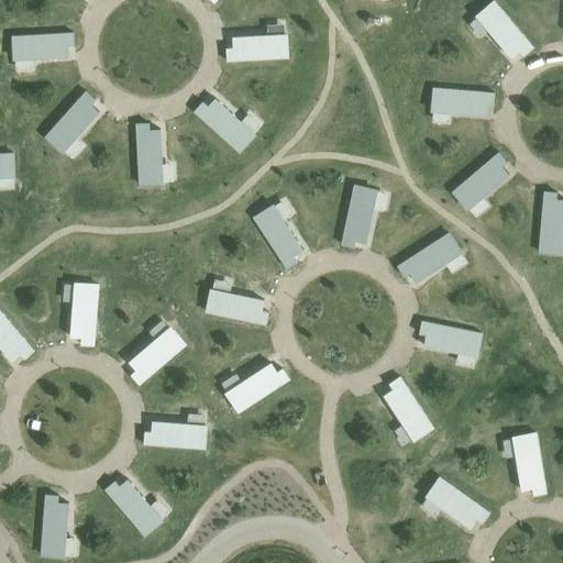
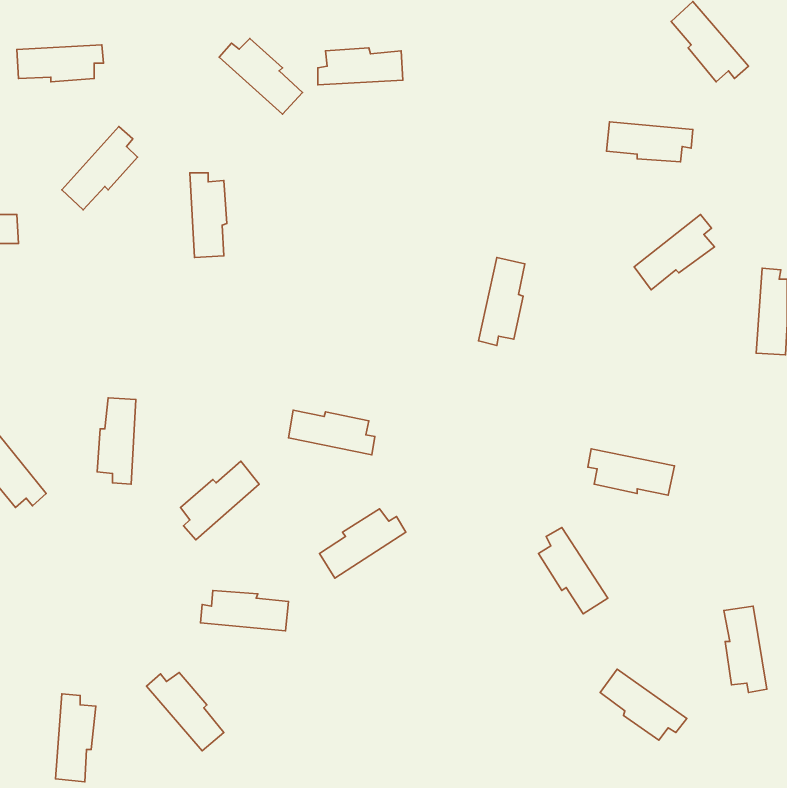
building: [192,98,252,152] -> [219,39,302,114]
building: [253,205,302,267] -> none
building: [397,233,460,283] -> none

